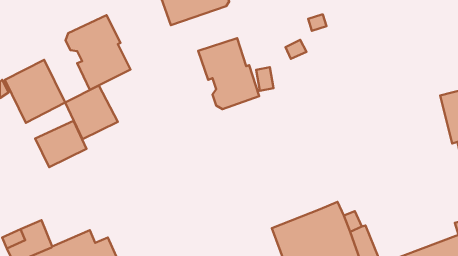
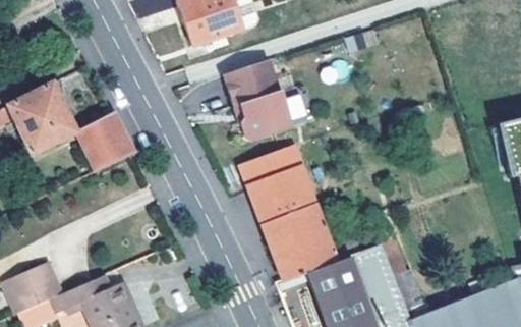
building: [66,15,130,90] -> none
building: none -> [240,146,360,281]
building: [35,121,86,167] -> none

